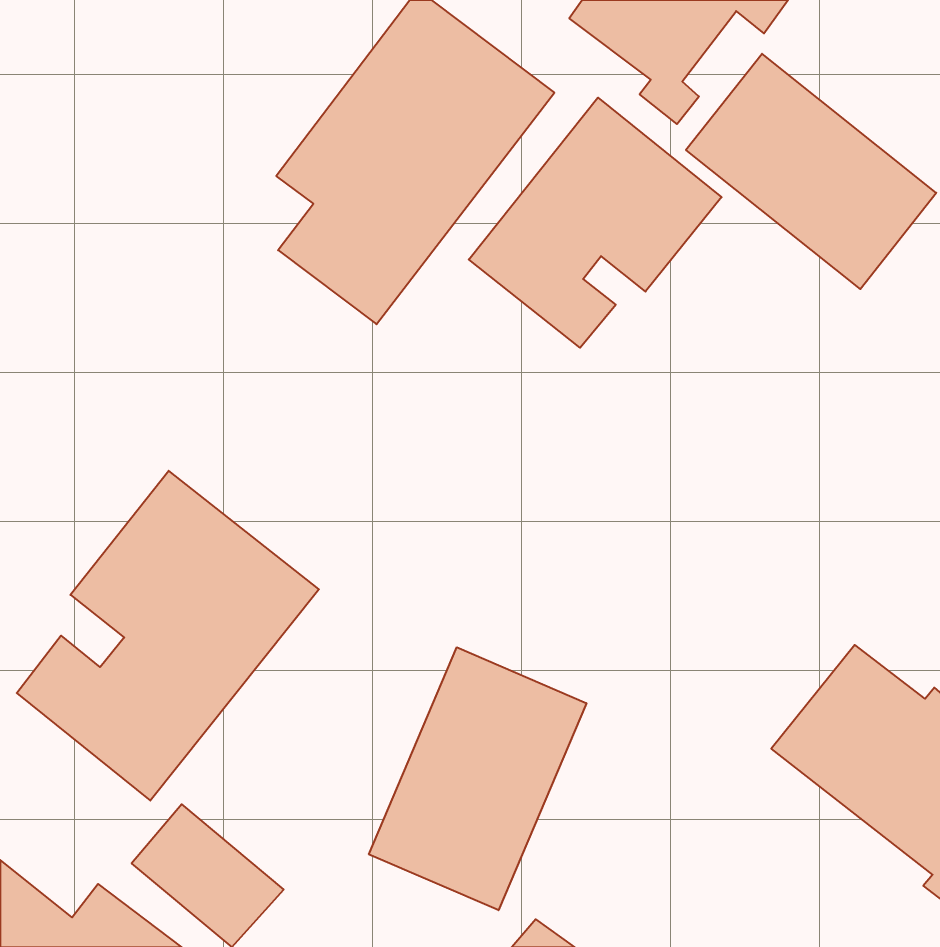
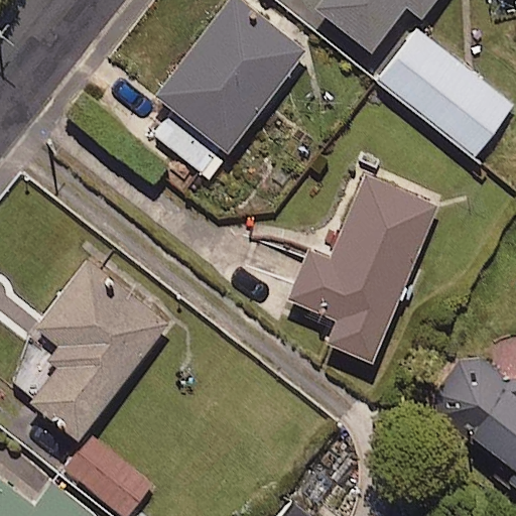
building: [469,98,722,348] -> none
building: none -> [285,171,438,363]
building: [369,647,586,910] -> none

